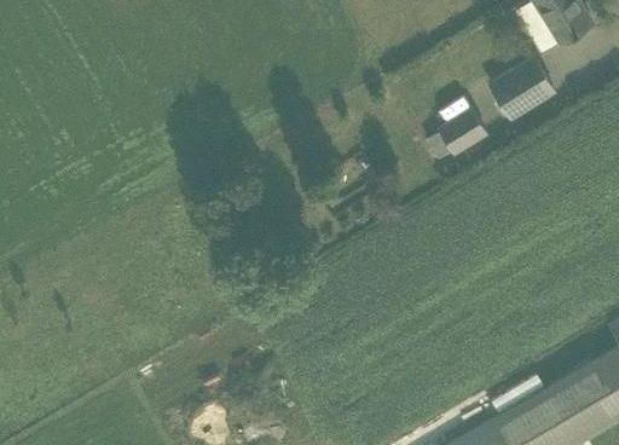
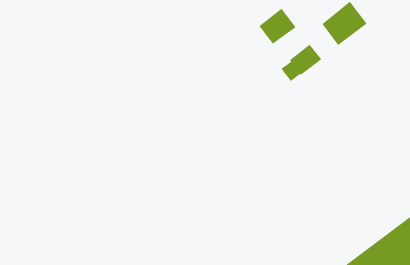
building: none -> [258,8,296,44]

